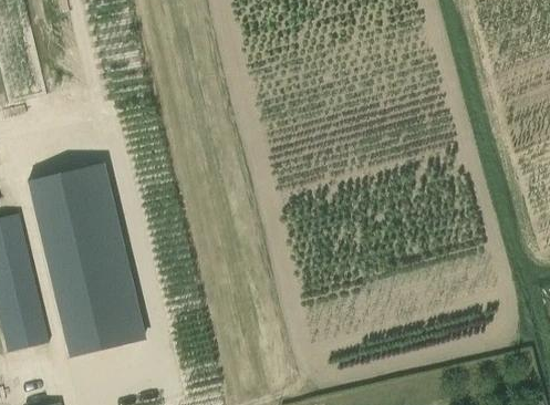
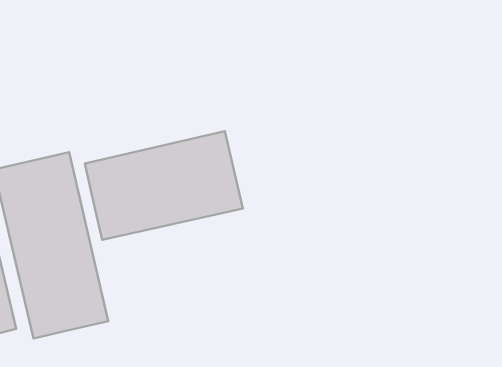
building: none -> [85,131,243,240]

